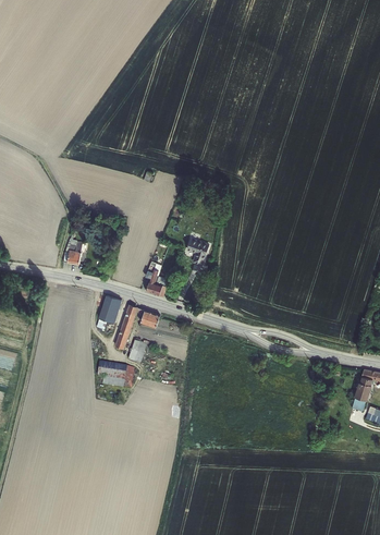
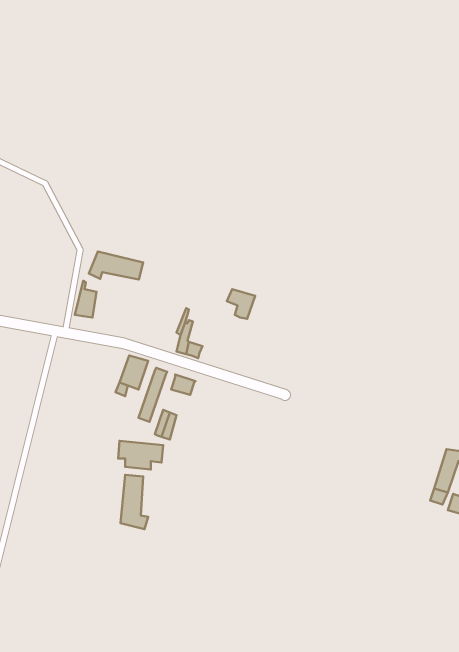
building: none -> [89,251,143,279]
building: none -> [121,475,148,529]

